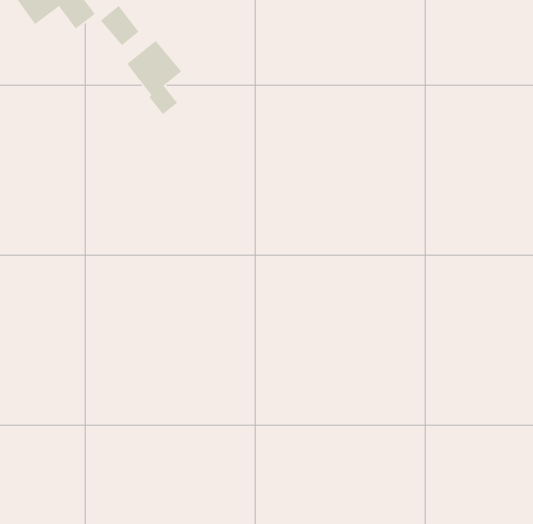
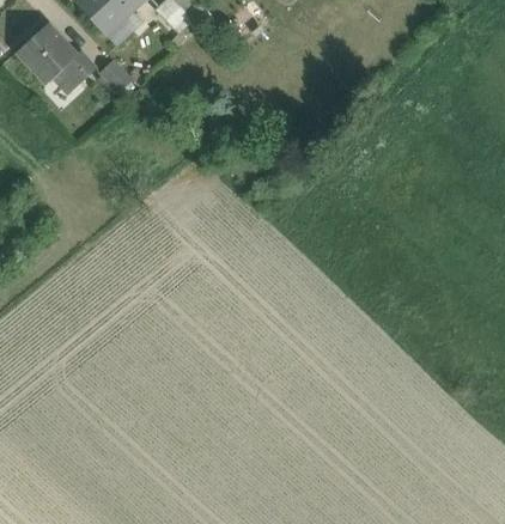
building: [126,40,182,115] -> none

